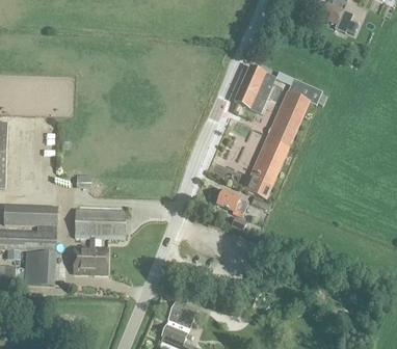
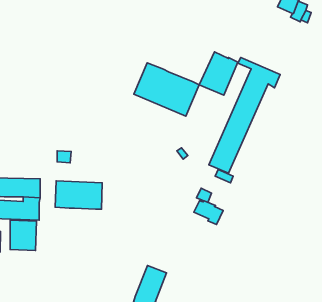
building: none -> [134,63,199,116]
building: [216,192,248,218] -> [194,201,223,224]
building: [73,239,107,274] -> none

